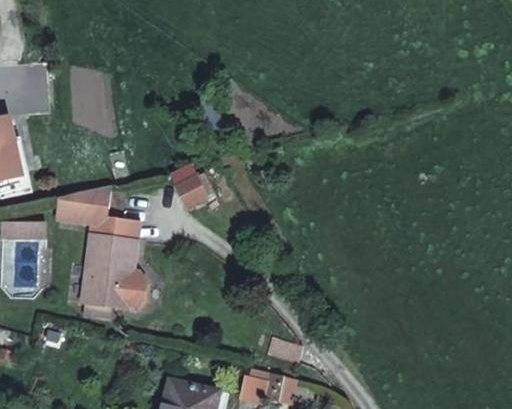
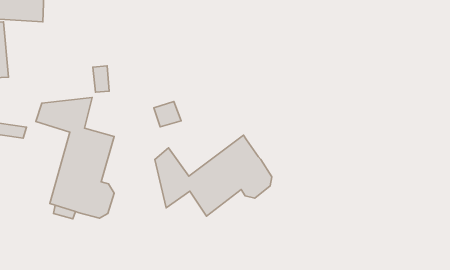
building: none -> [155,135,272,216]

